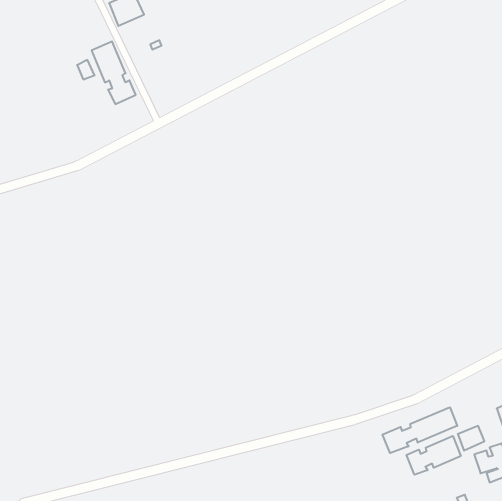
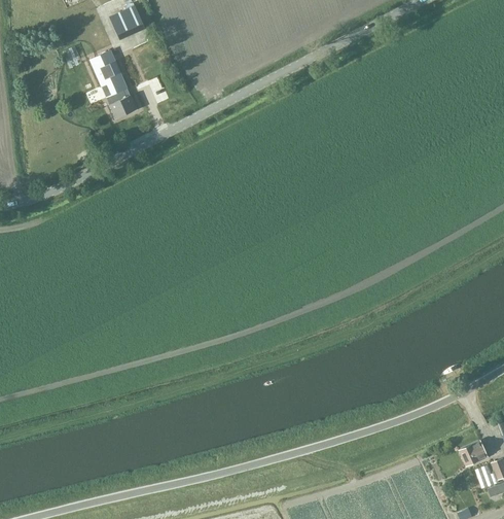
building: [383,407,457,453] -> none
building: [407,436,461,475] -> none

